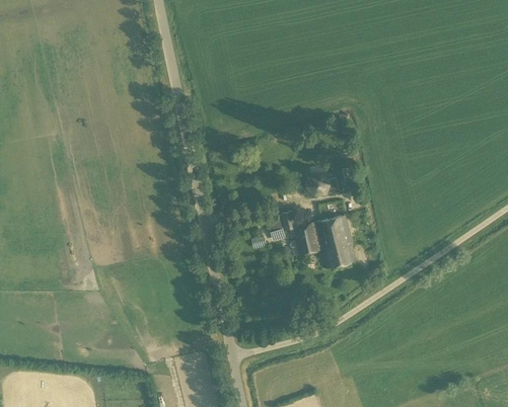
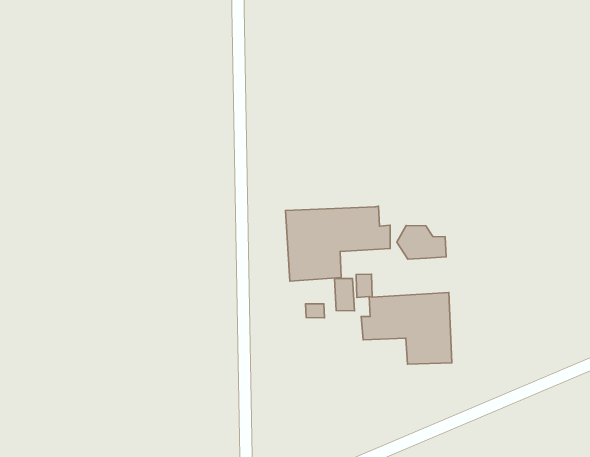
building: none -> [286,206,390,281]

